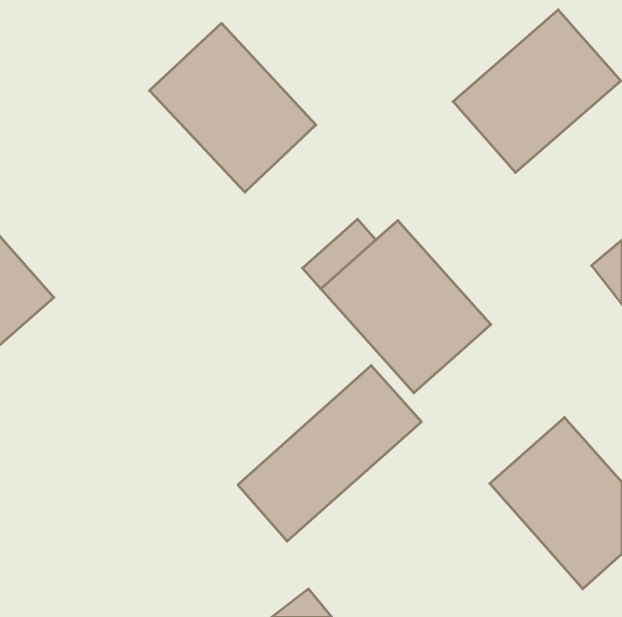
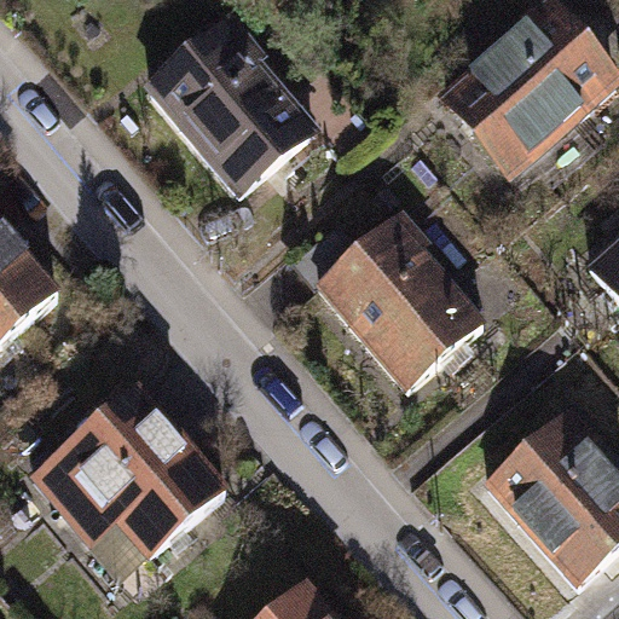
building: [238,365,421,541] -> none
building: none -> [33,384,227,557]

